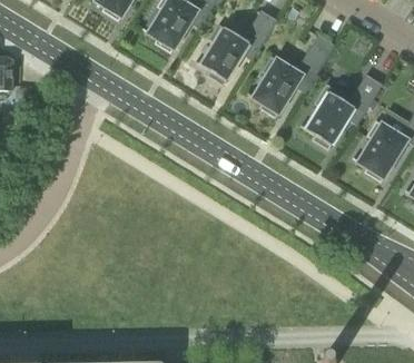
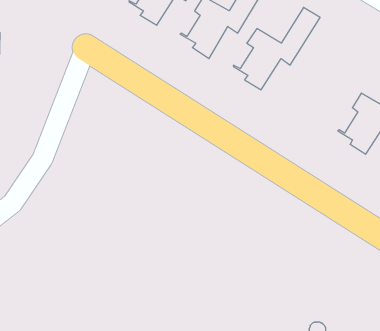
building: [299,72,382,148] -> none

